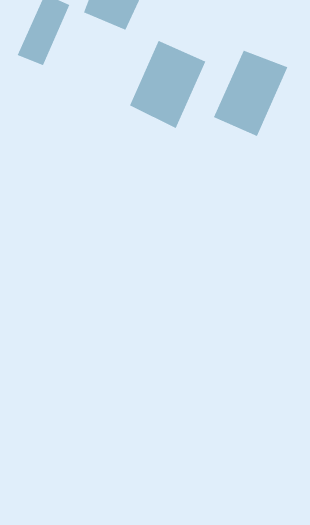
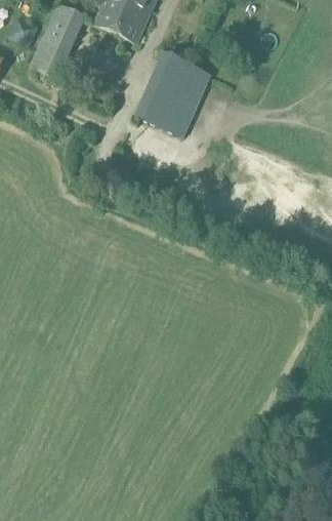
building: [213,50,288,137] -> none

